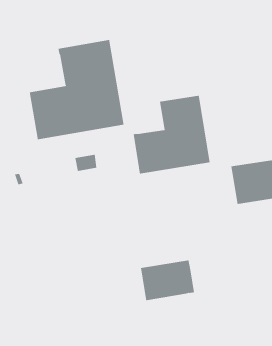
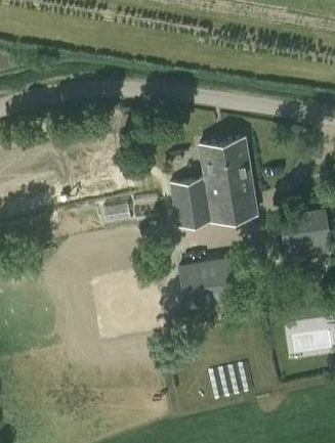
building: [29,39,124,140] -> none
building: [140,260,195,301] -> [179,262,241,308]

